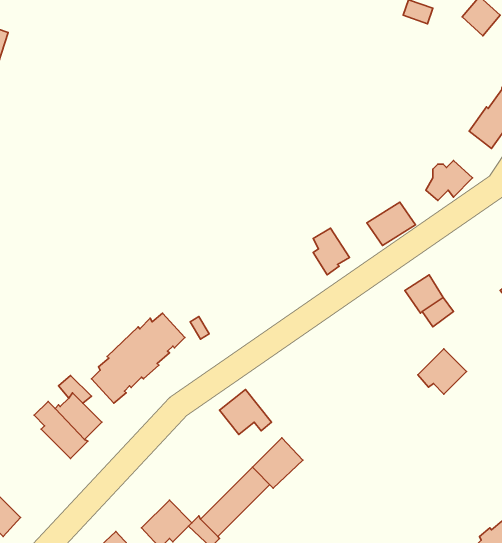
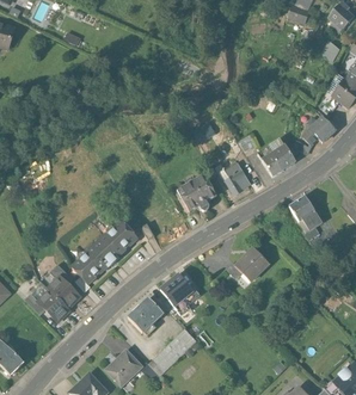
building: none -> [177,173,215,210]
building: [418,349,466,394] -> [234,247,268,278]
building: [252,438,303,488] -> [127,297,161,332]

